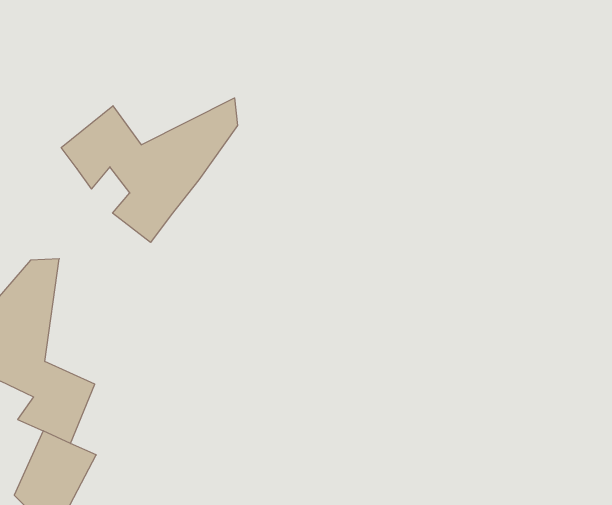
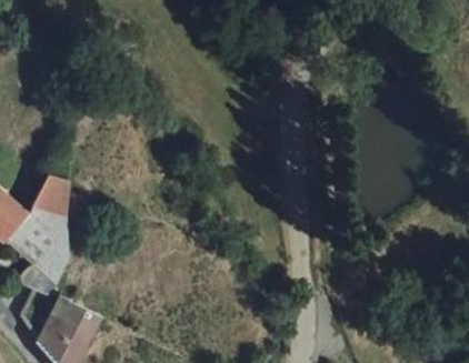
building: [61,98,237,242] -> none

